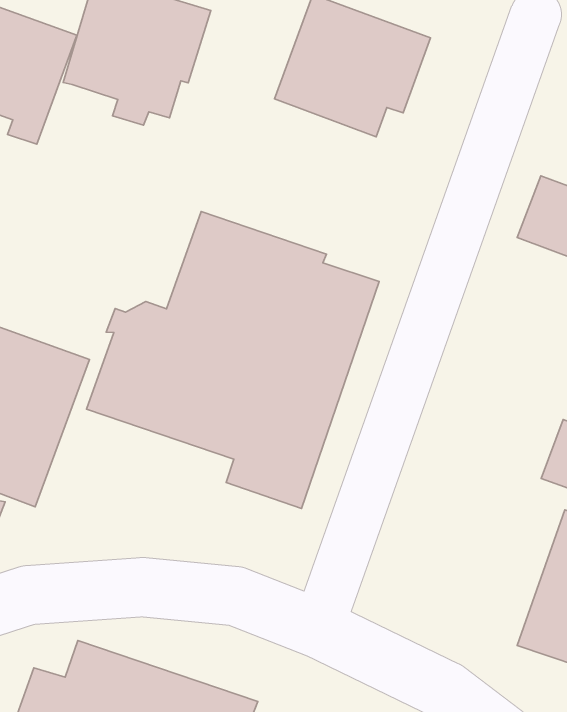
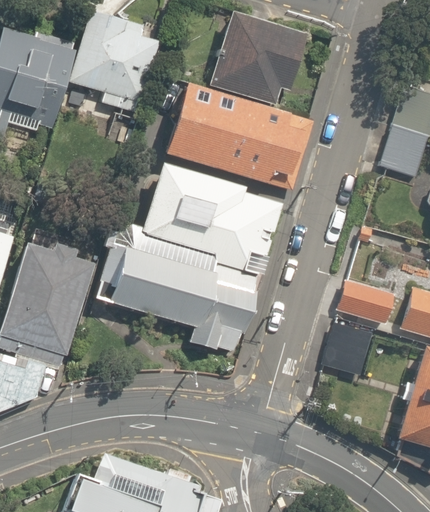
building: none -> [159,81,314,189]
building: none -> [337,281,393,324]
building: none -> [322,317,371,374]

